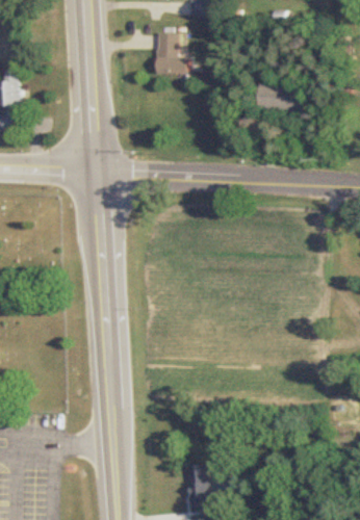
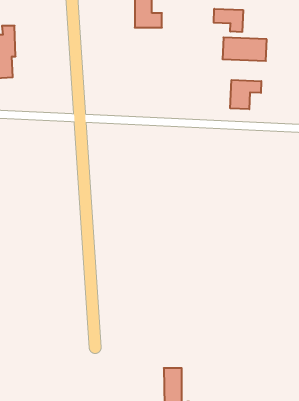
building: none -> [214,9,243,32]
building: none -> [230,80,261,109]

